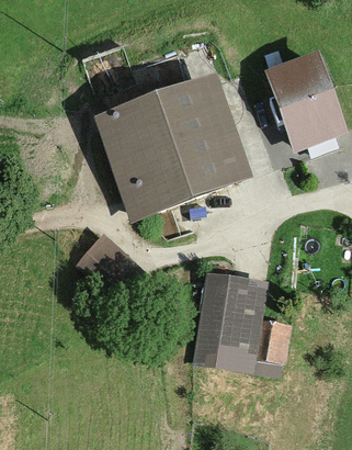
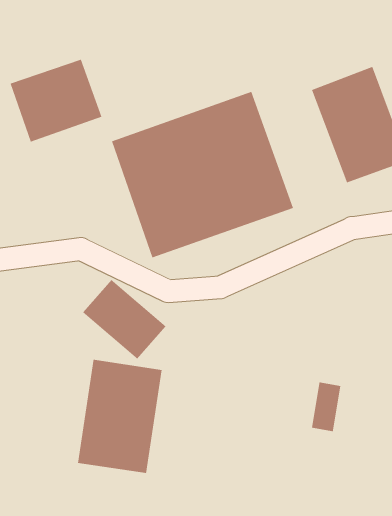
building: none -> [10,59,102,142]
building: [194,274,265,370] -> [77,359,162,474]

